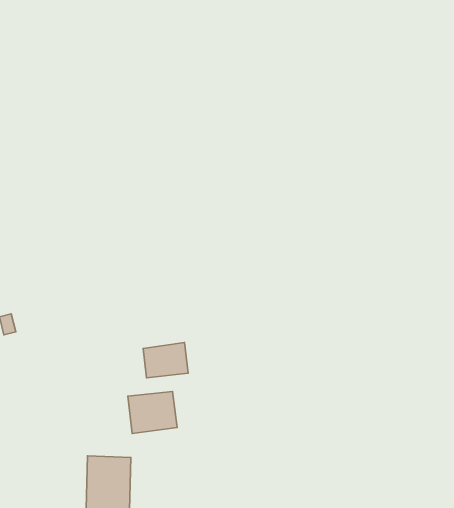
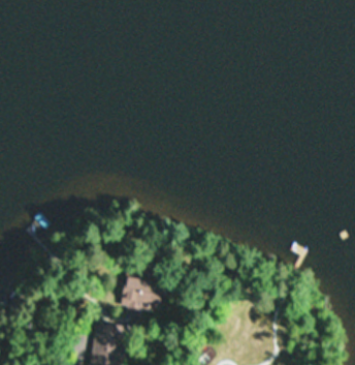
building: [143,343,188,378] -> none

